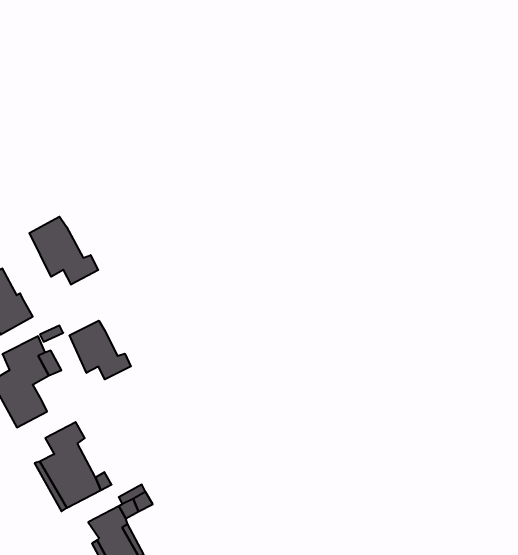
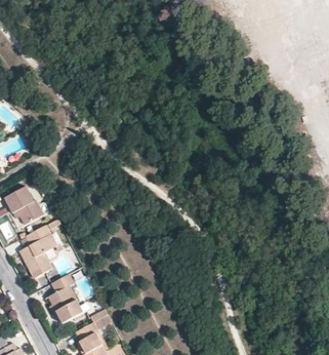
building: [29,217,98,285] -> none
building: [70,321,131,379] -> none

